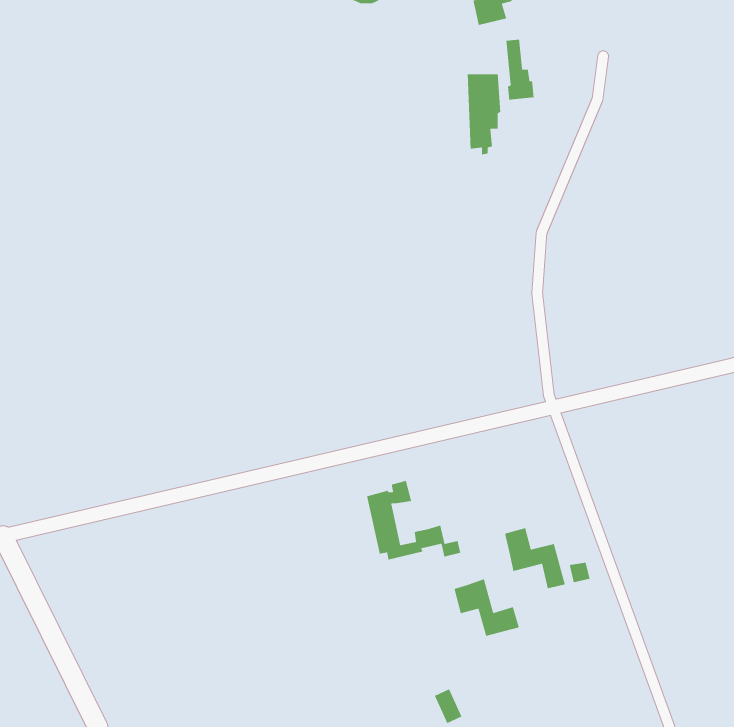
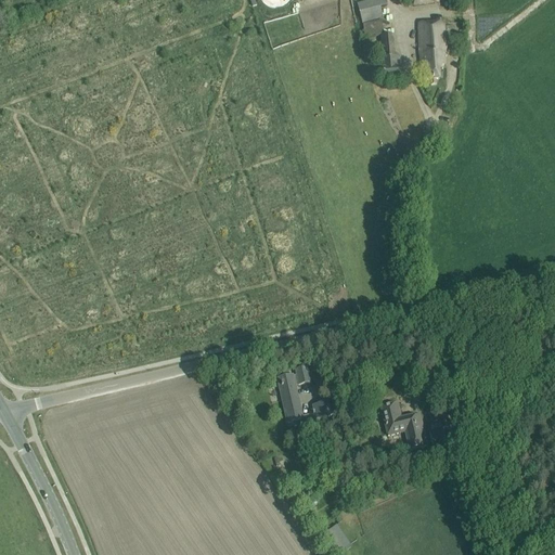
building: [467,73,501,155] -> [420,18,446,80]
building: [453,578,520,637] -> none

